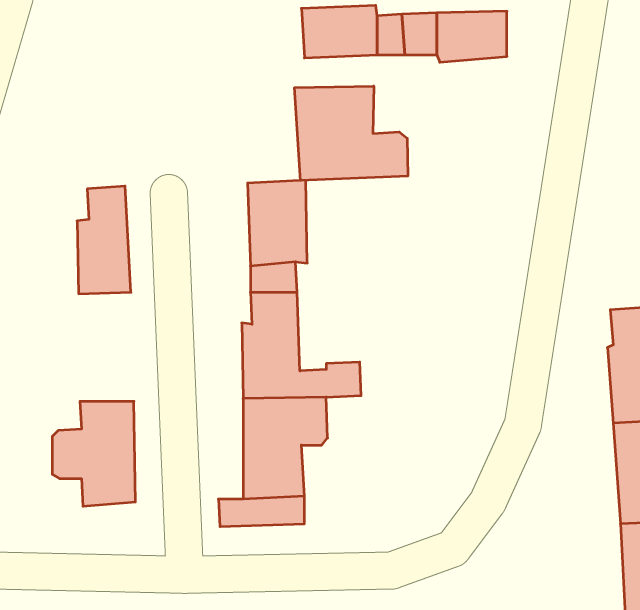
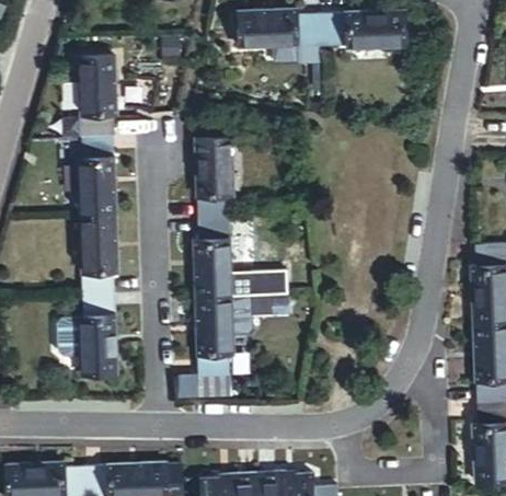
building: none -> [77,64,115,145]
building: [295,86,408,180] -> none
building: none -> [73,222,115,304]

